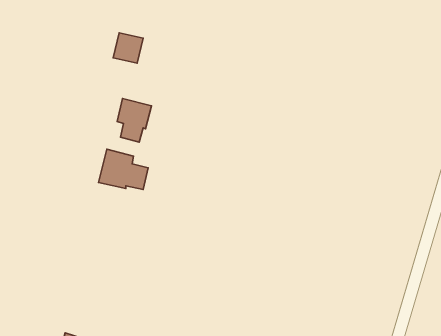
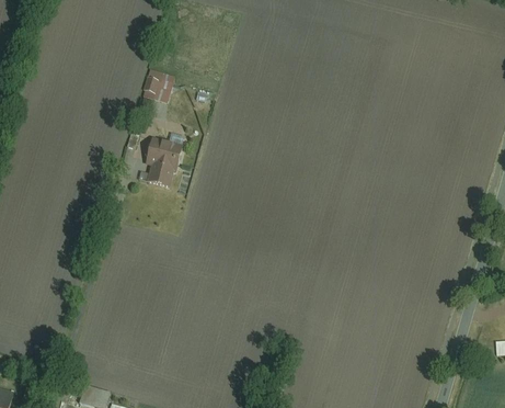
building: [99,149,148,190] -> none

